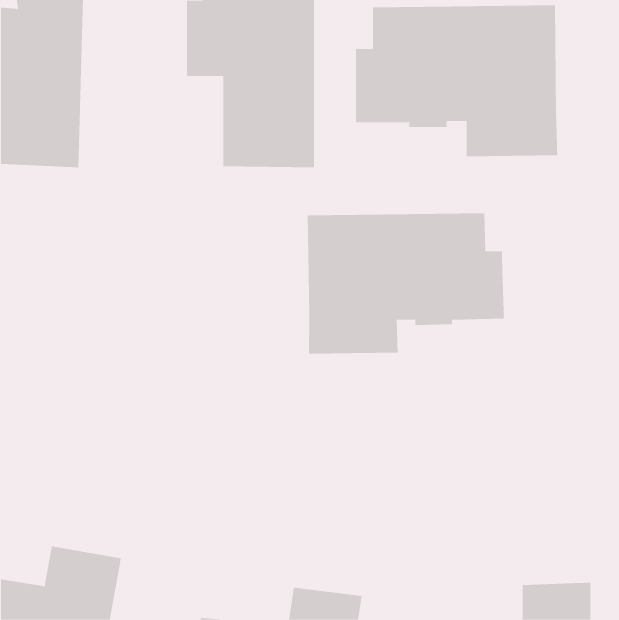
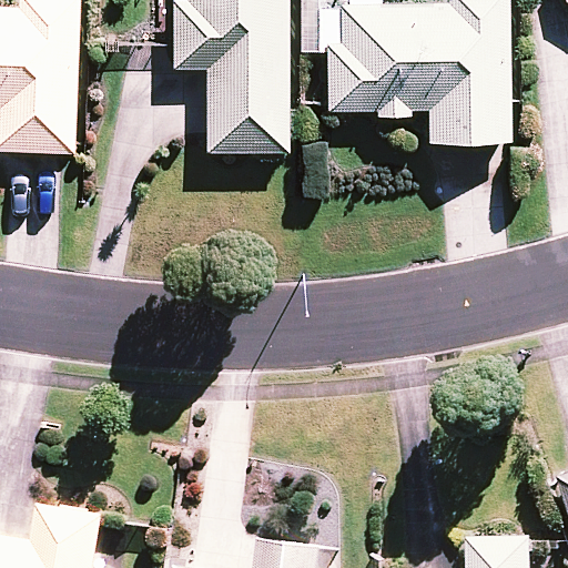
building: [307,213,504,354] -> none

